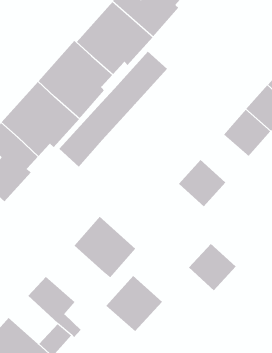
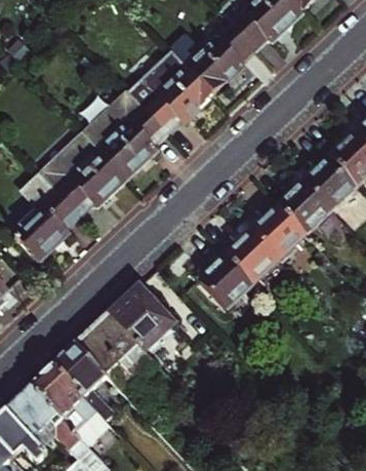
building: [58,51,168,167] -> none
building: none -> [253,206,306,259]
building: [188,243,236,291] -> [200,256,252,308]
building: [106,275,163,332] -> [75,313,137,375]
building: none -> [31,363,83,417]

